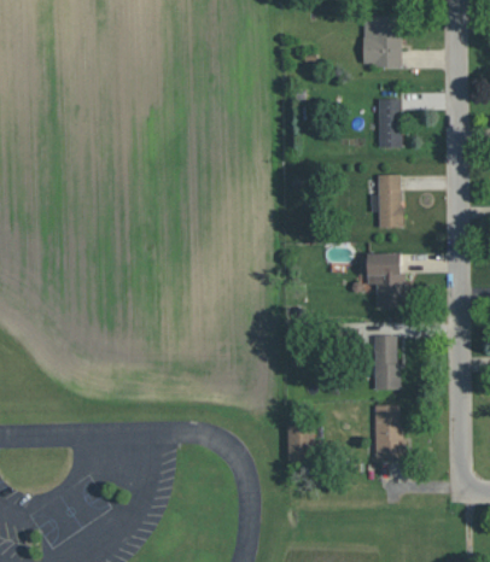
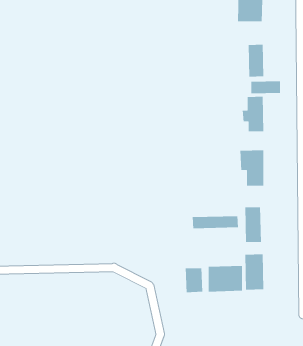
building: none -> [250,80,281,94]
building: none -> [192,216,239,229]
building: none -> [208,265,243,292]

